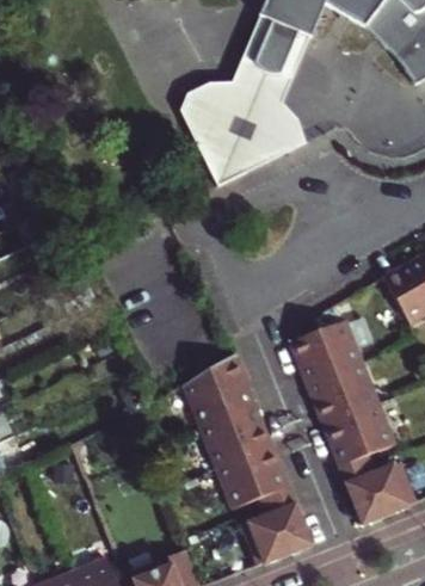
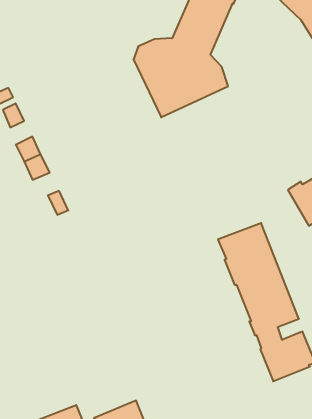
building: [183,353,313,565] -> none

